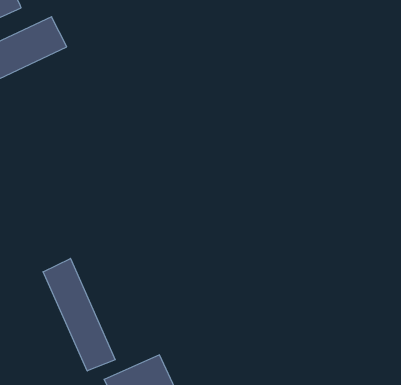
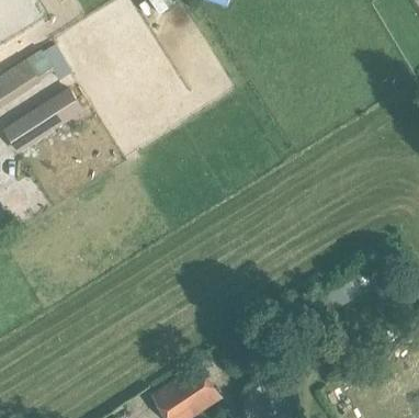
building: [43,258,115,371] -> none

